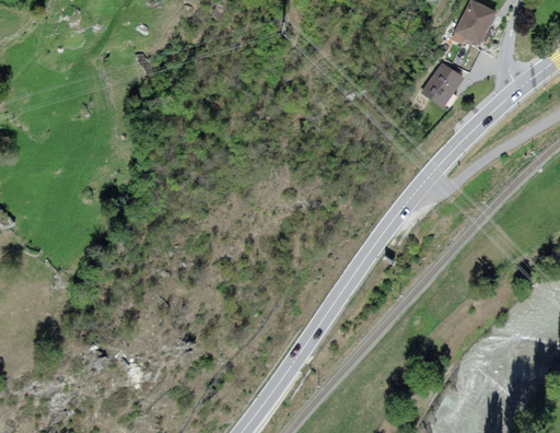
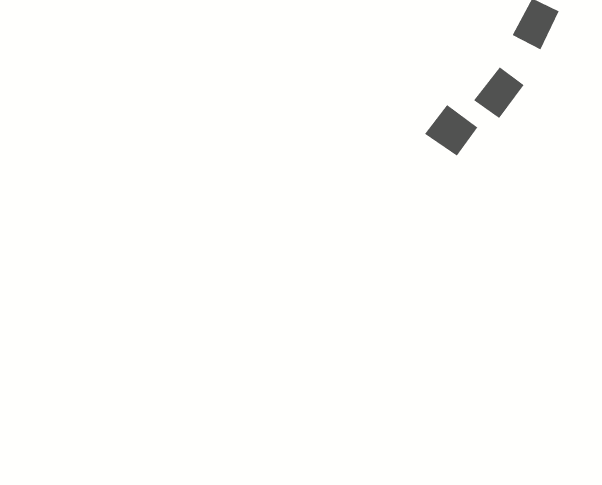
building: none -> [424,104,478,157]

